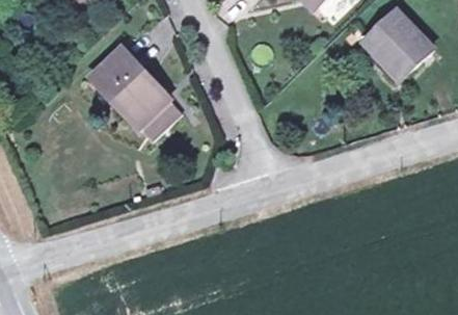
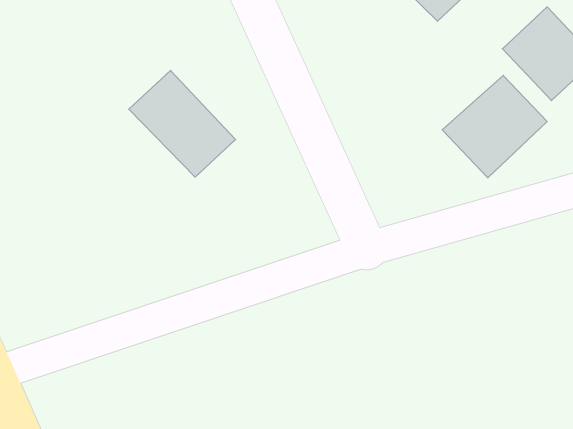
building: none -> [442,75,547,178]

